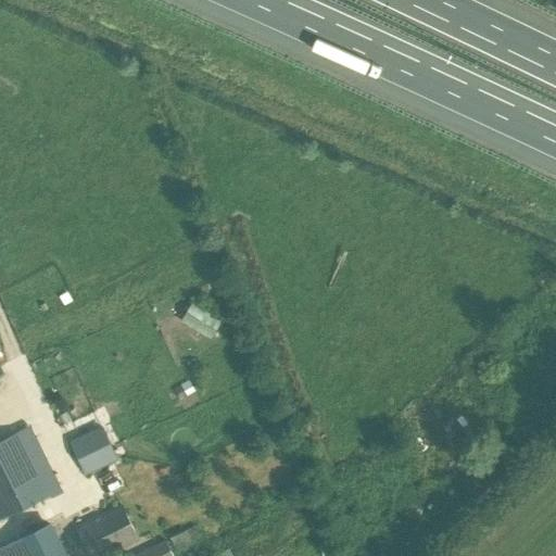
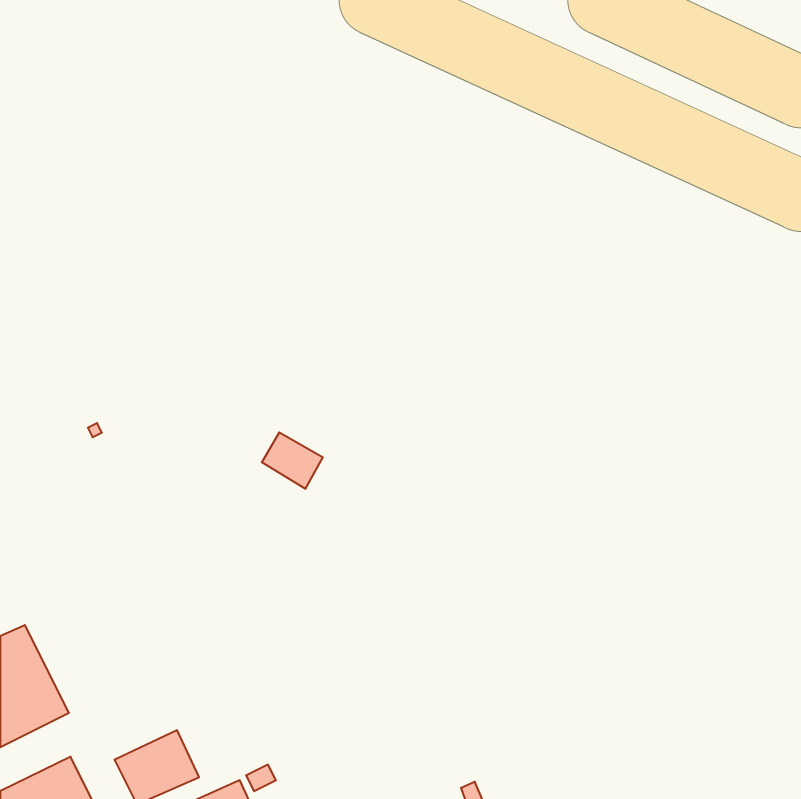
building: [73,429,117,472] -> none

